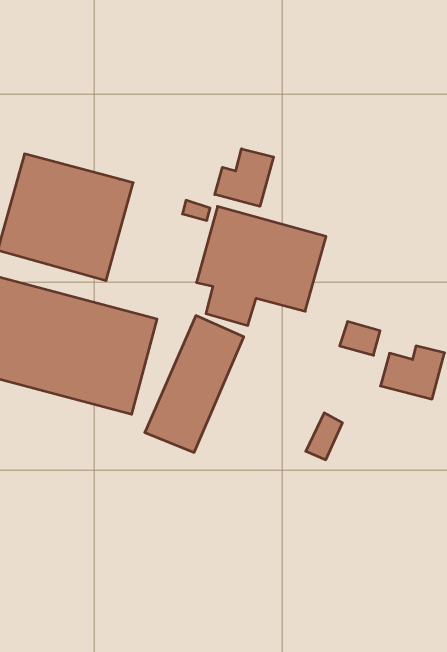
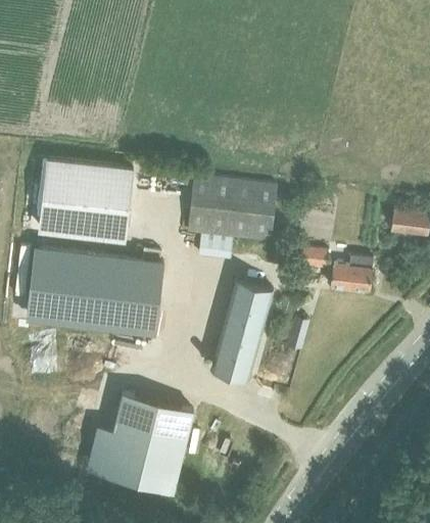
building: [215,149,274,206] -> none
building: [145,316,244,452] -> [210,282,272,381]
building: none -> [100,393,192,492]

